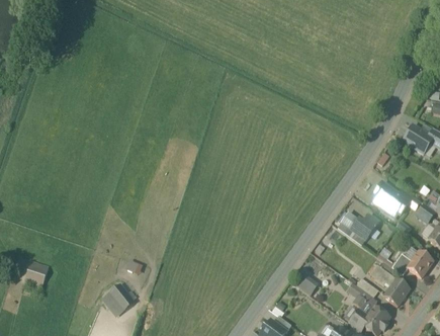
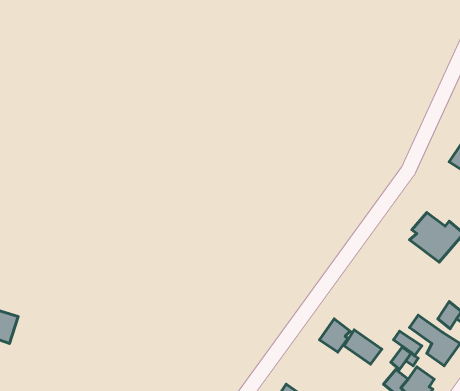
building: [341,211,381,241] -> none
building: none -> [344,330,382,364]
building: [103,283,135,315] -> none

